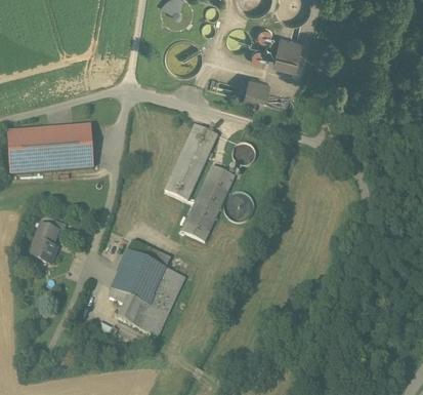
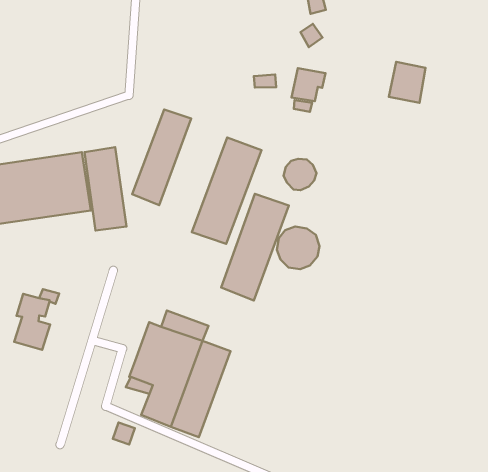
building: [272,37,300,68] -> [389,62,425,103]
building: none -> [132,109,191,205]
building: none -> [85,147,127,230]

